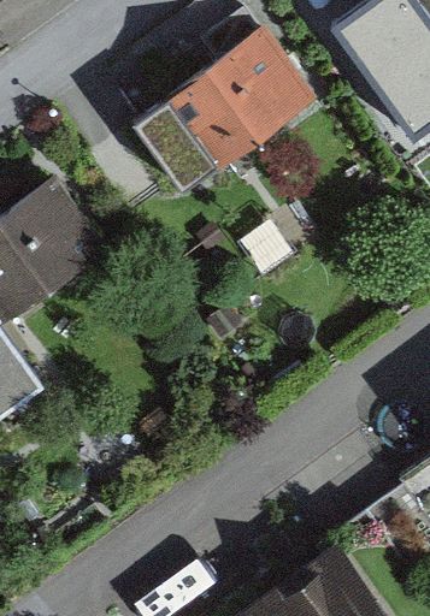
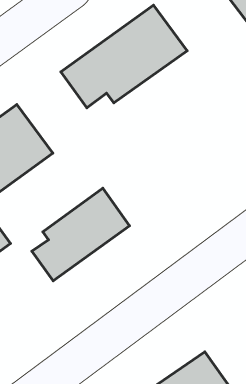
building: none -> [32,188,130,281]

